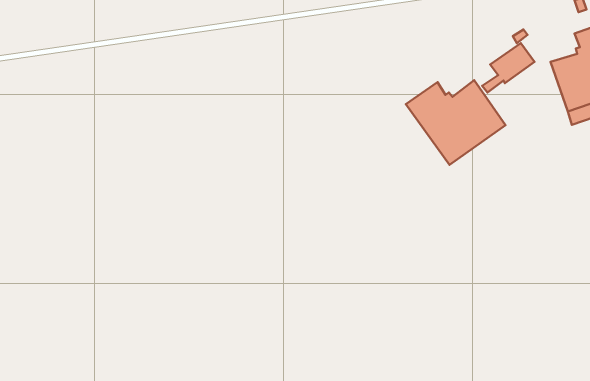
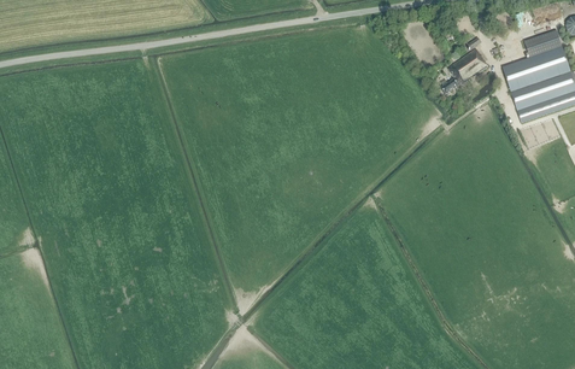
building: [406,80,505,165] -> none

